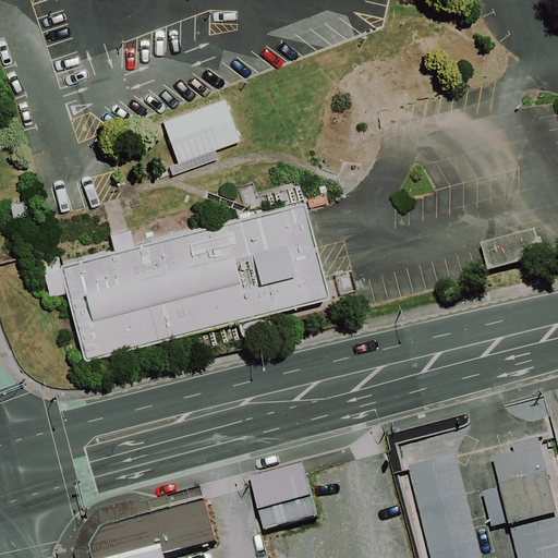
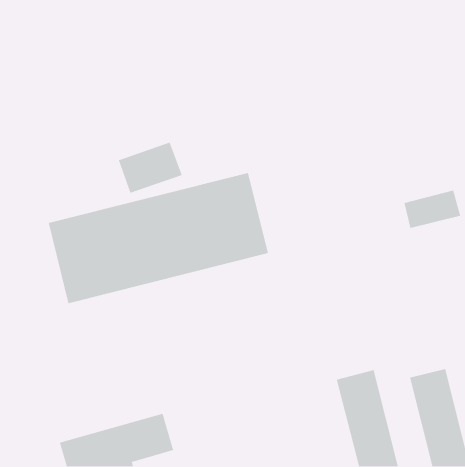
building: [169,98,246,160] -> [118,142,183,194]
building: [256,462,325,530] -> none

